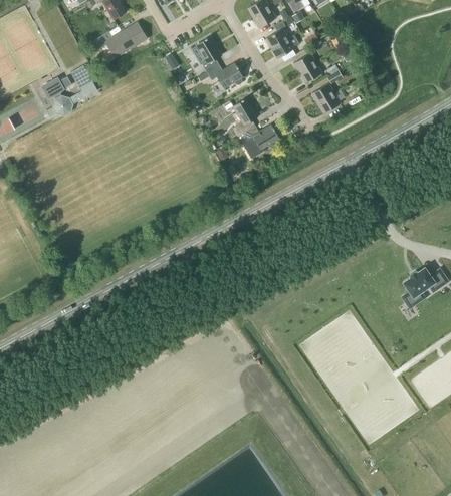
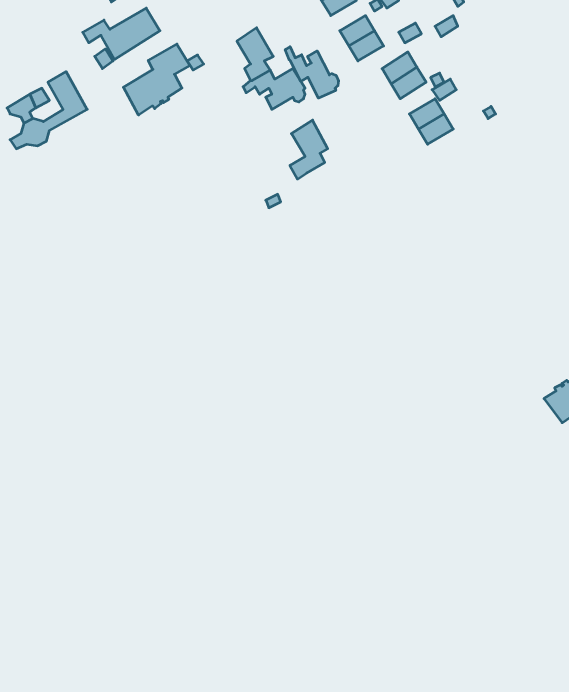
building: none -> [123,44,190,115]
building: none -> [285,47,338,98]
building: [243,125,279,156] -> none

